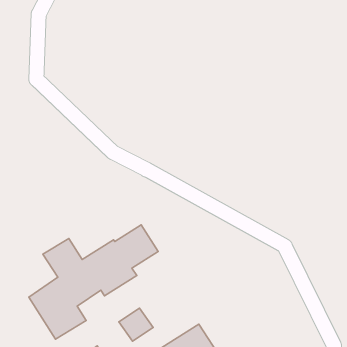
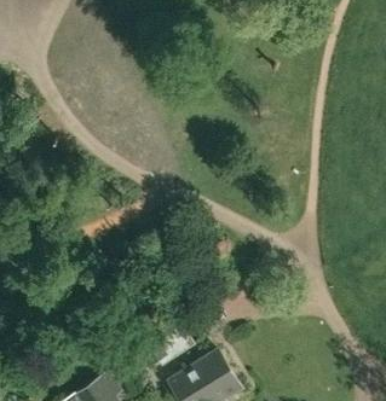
building: [29,225,158,339] -> none

